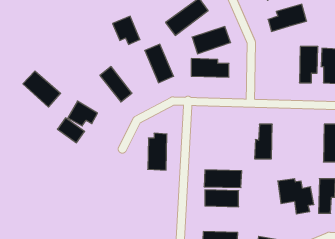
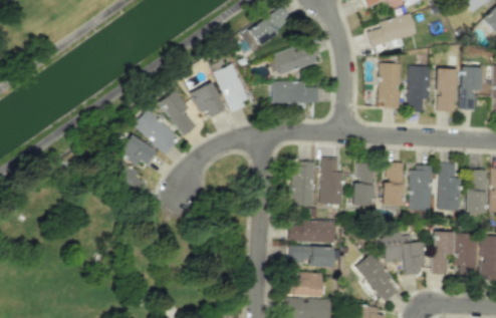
building: [113,16,140,44] -> [190,82,224,117]
building: none -> [379,63,402,107]
building: [23,71,61,107] -> [133,109,180,154]
building: none -> [321,157,343,205]
building: none -> [382,163,403,206]
building: none -> [409,167,432,211]
building: [148,133,167,170] -> [290,161,314,207]
building: none -> [354,253,402,301]
building: none -> [287,273,321,297]

